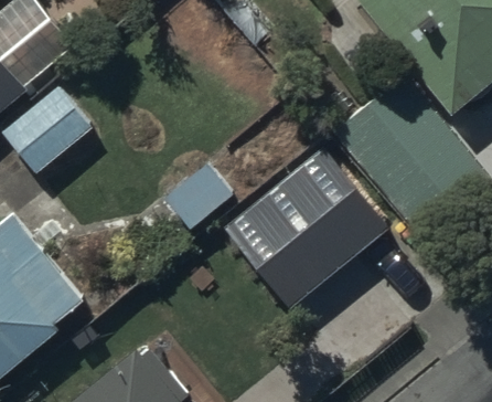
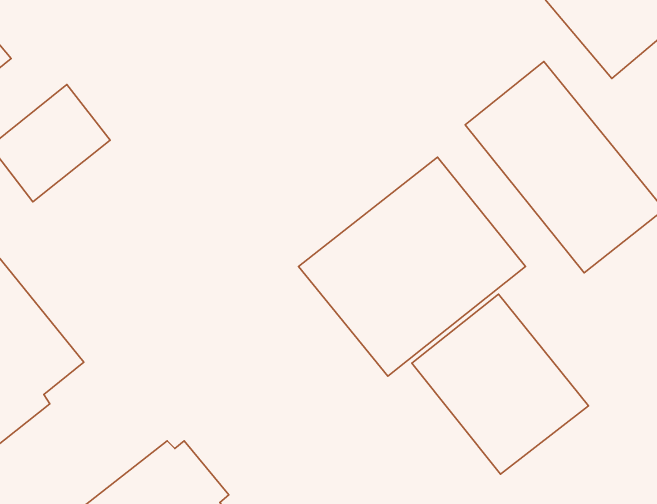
building: none -> [412,294,589,474]

